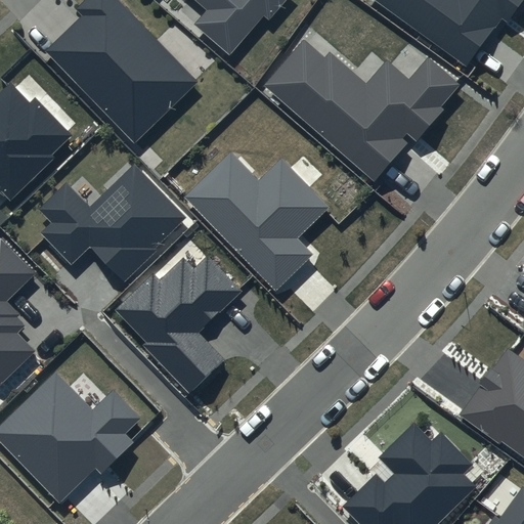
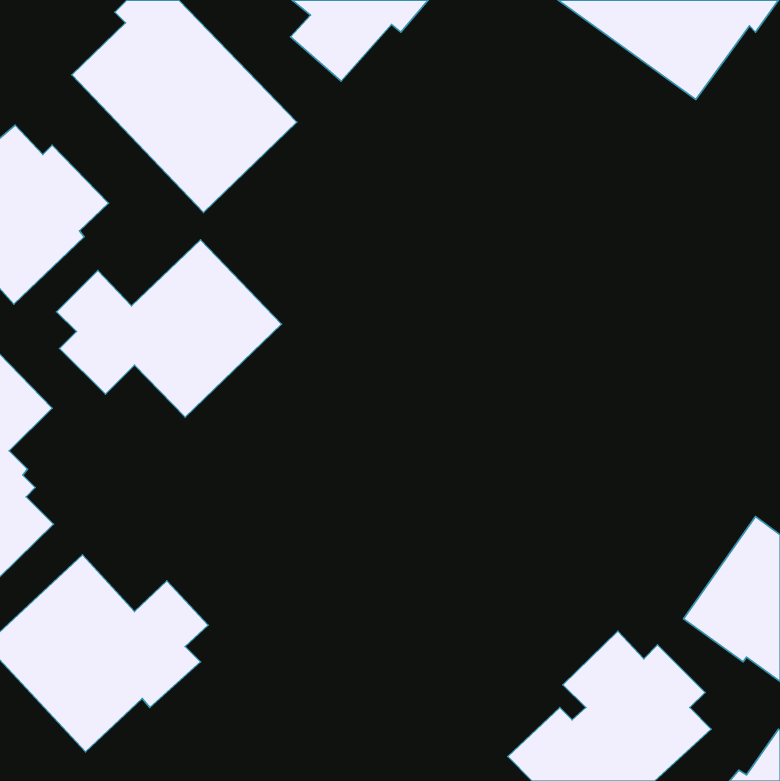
building: [263,40,461,181] -> none
building: [184,151,329,291] -> none
building: [115,253,244,393] -> none

